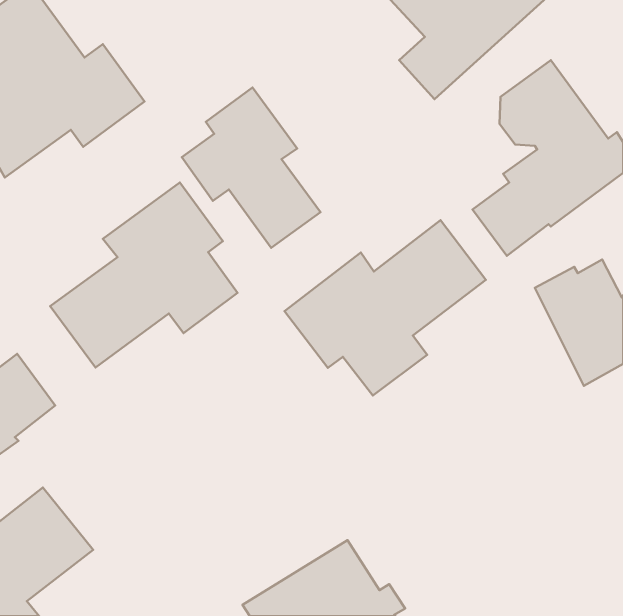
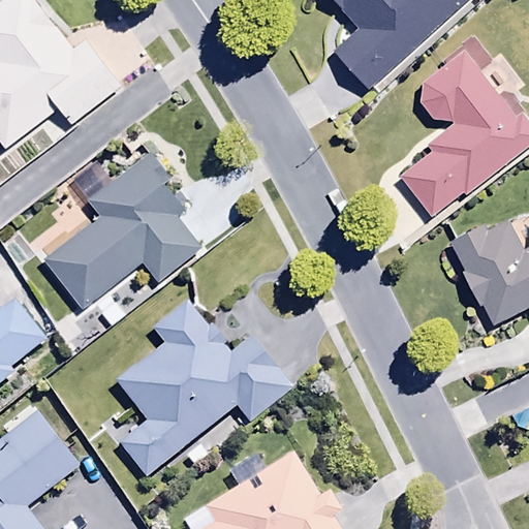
building: [182,88,320,248] -> none
building: [284,220,486,396] -> none
building: none -> [118,301,292,475]

